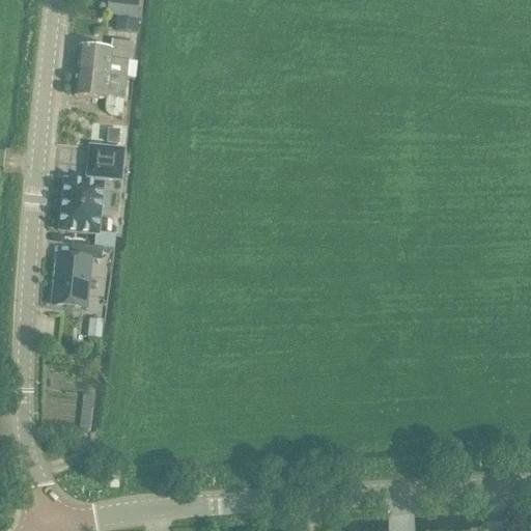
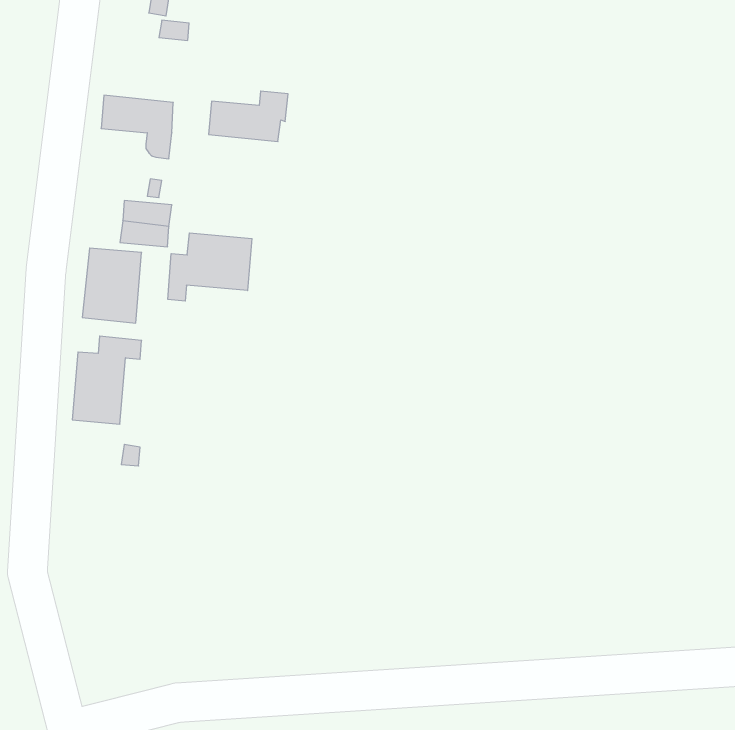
building: [77,37,134,74] -> [209,91,288,142]
building: none -> [168,233,252,301]

